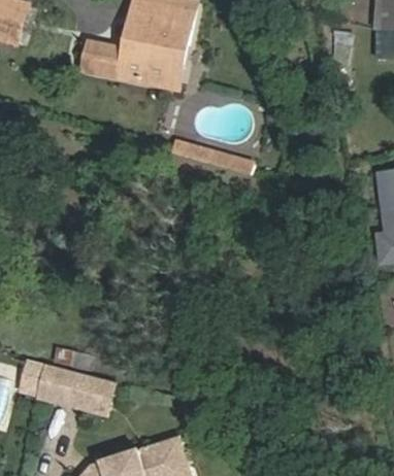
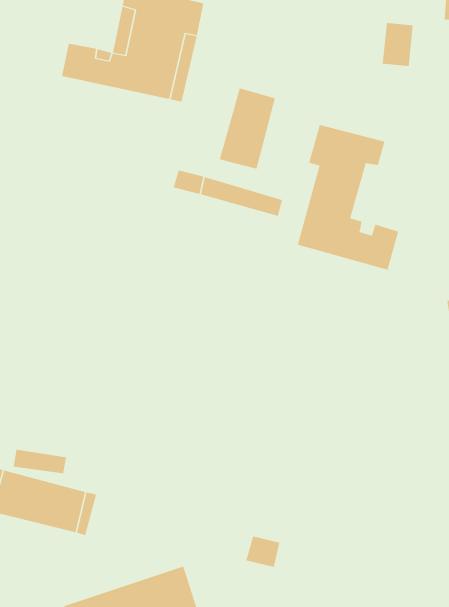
building: none -> [219,87,275,169]
building: none -> [297,124,399,271]

